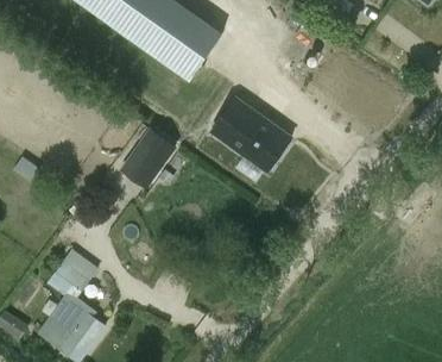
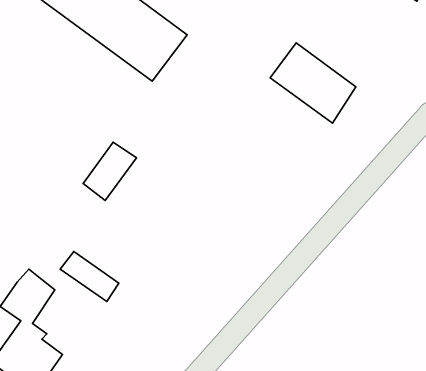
building: [213,106,291,180] -> [270,43,356,123]
building: none -> [60,252,119,302]

